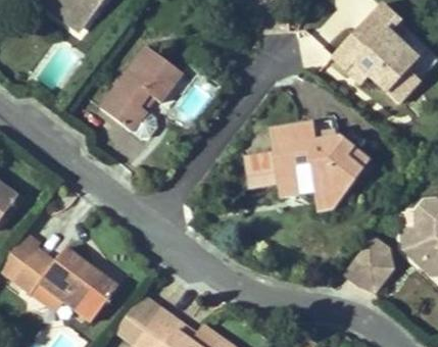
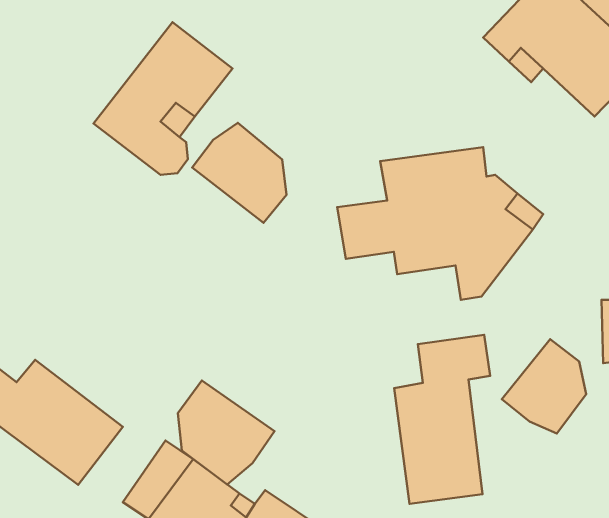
building: none -> [192,123,286,223]
building: none -> [394,335,490,504]
building: none -> [178,380,275,484]

